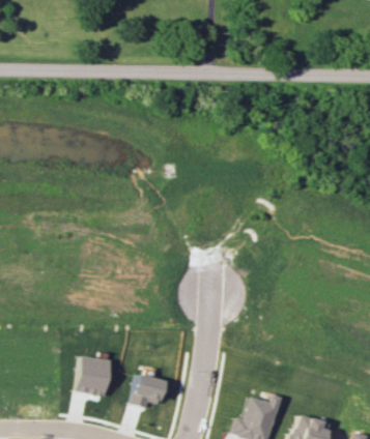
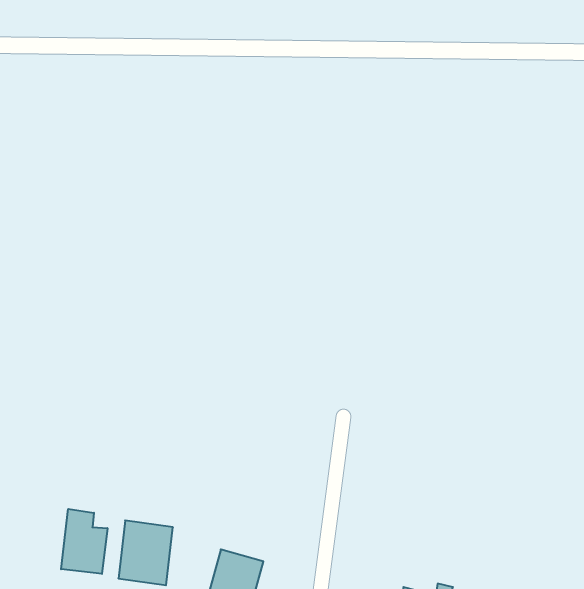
building: none -> [61,509,107,574]

